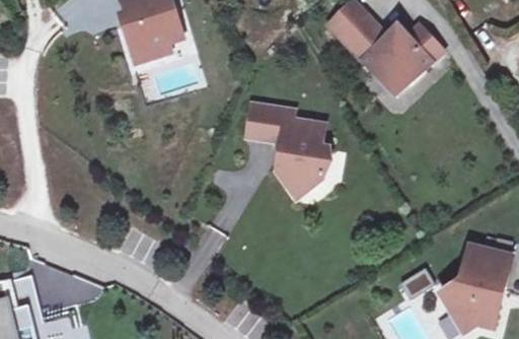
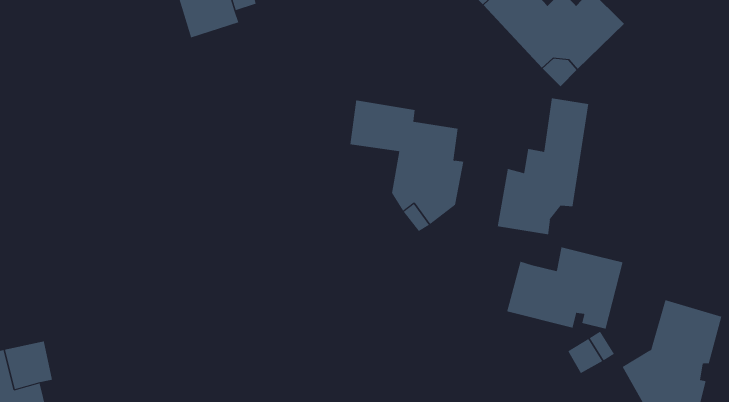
building: none -> [497,97,589,235]
building: none -> [507,246,623,329]

